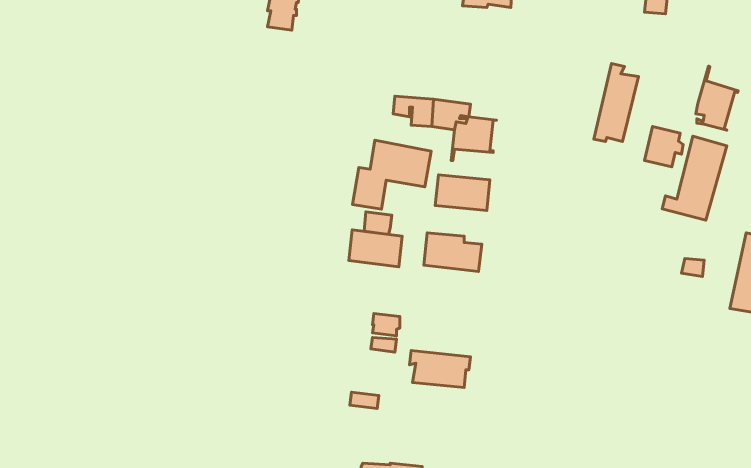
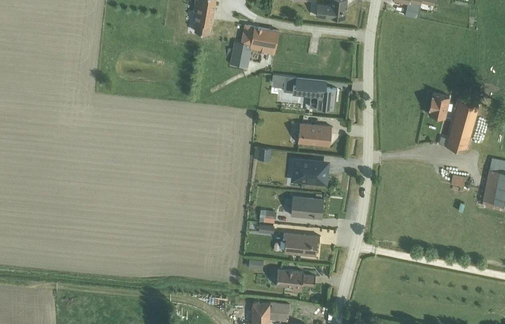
building: [594,63,639,142] -> none
building: [696,66,738,130] -> none
building: [352,140,431,209] -> [230,23,279,66]
building: [349,230,402,267] -> [291,194,324,217]
building: none -> [276,267,315,290]

